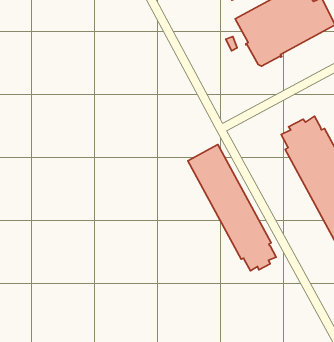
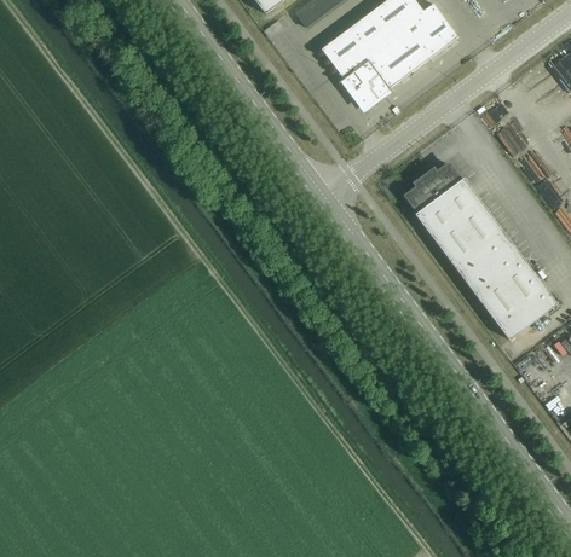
building: [188,145,276,271] -> none

